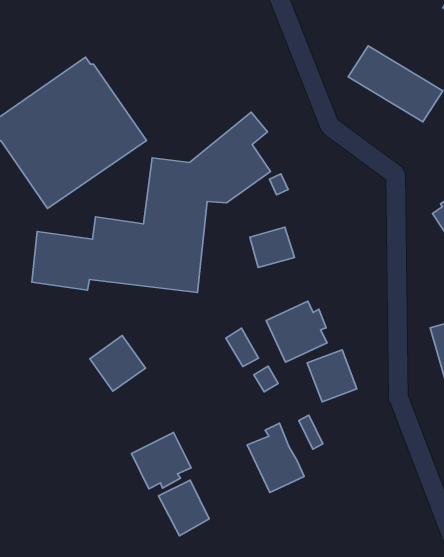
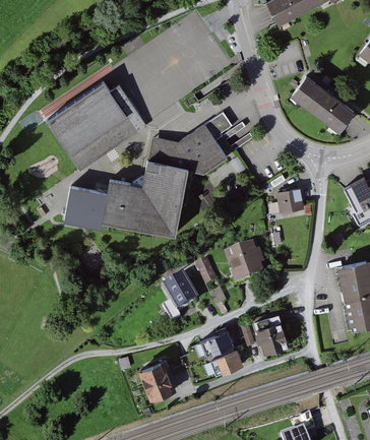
building: [250,227,294,268] -> [275,189,305,215]
building: [90,336,145,391] -> [160,275,197,313]
building: [307,350,357,402] -> [258,318,291,353]
building: [132,433,191,489] -> none

